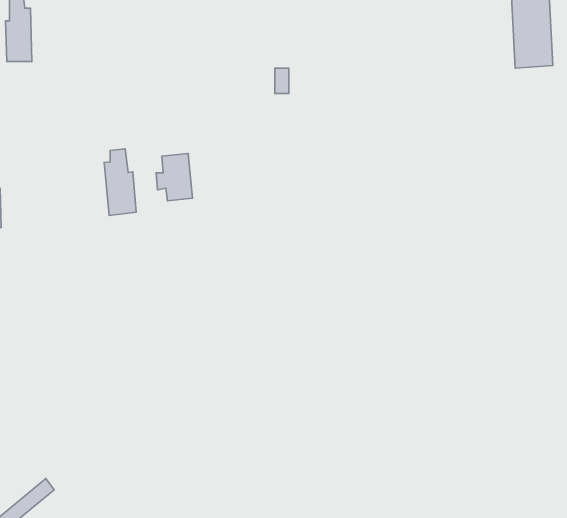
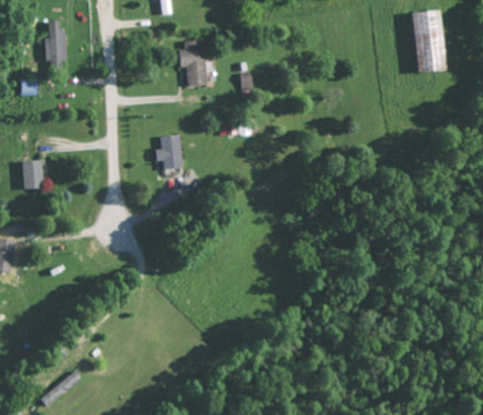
building: none -> [178,39,206,86]
building: [104,149,136,216] -> none

